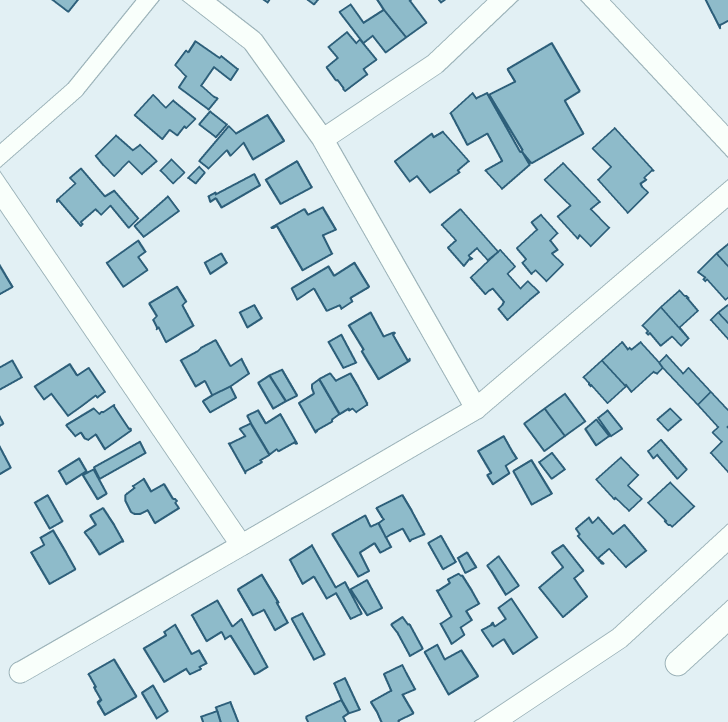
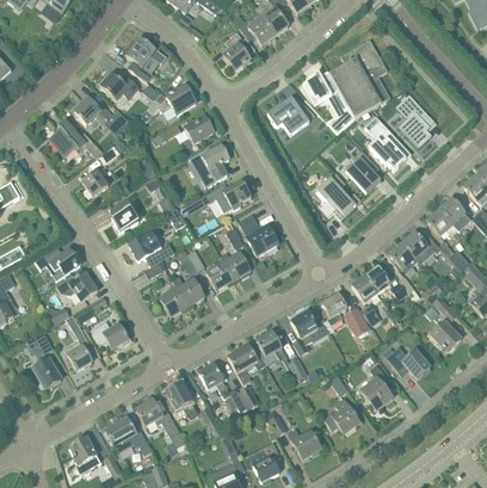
building: [442,209,498,266] -> none
building: [596,457,642,511] -> none
building: [437,574,479,644] -> [290,309,318,354]

